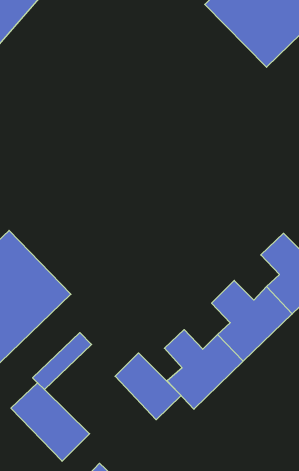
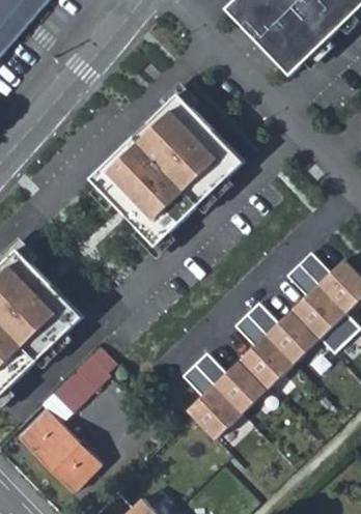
building: none -> [90,96,244,249]
building: [115,353,181,420] -> none

